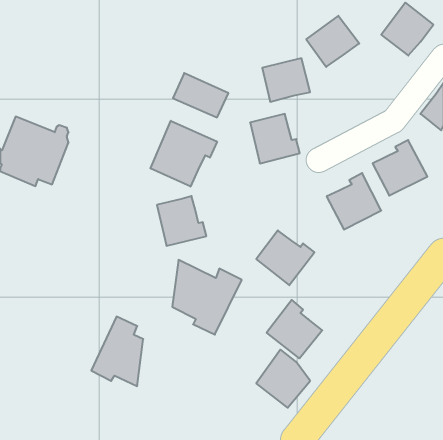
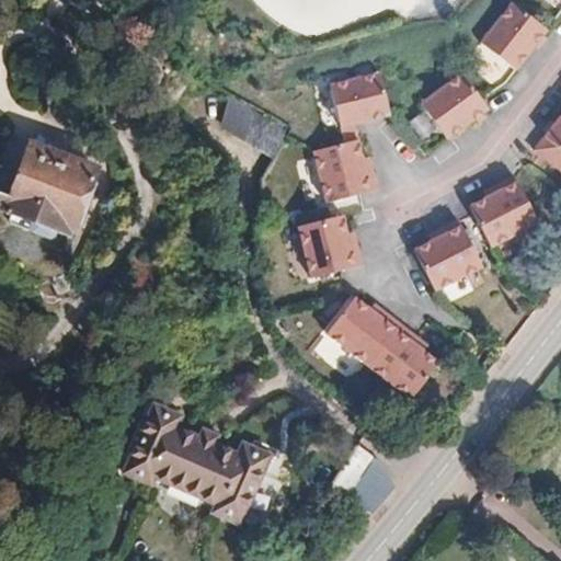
building: [306,16,359,67] -> [422,76,489,140]
building: [150,121,217,187] -> none
building: [157,196,206,246] -> [299,217,362,279]
building: [172,260,242,335] -> [174,427,262,522]
building: [267,300,322,358] -> [366,318,436,391]

